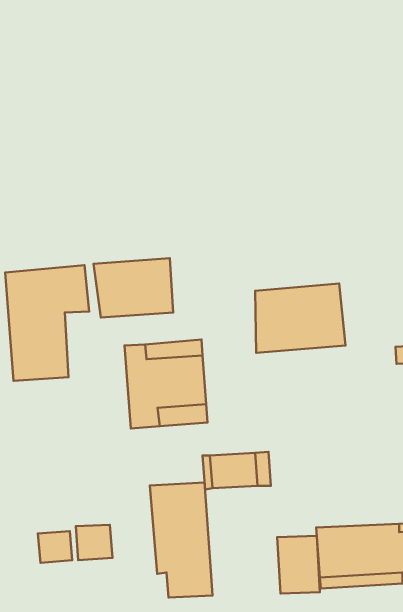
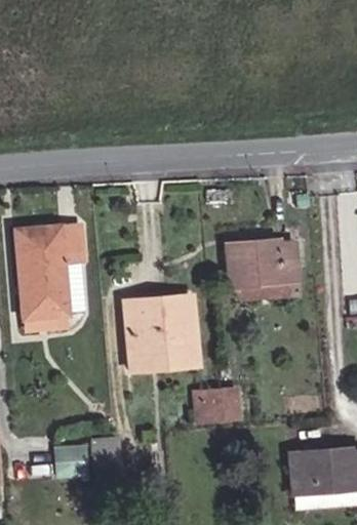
building: [94,258,173,317] -> none
building: [150,482,213,597] -> none
building: [277,536,320,593] -> none

